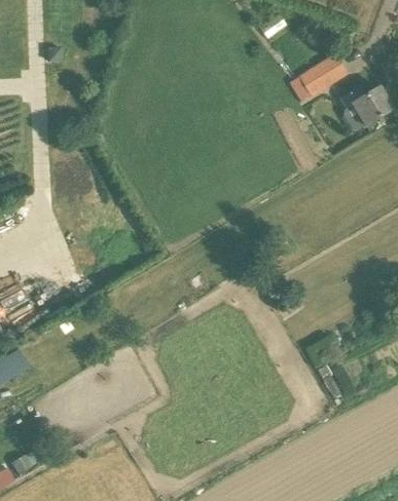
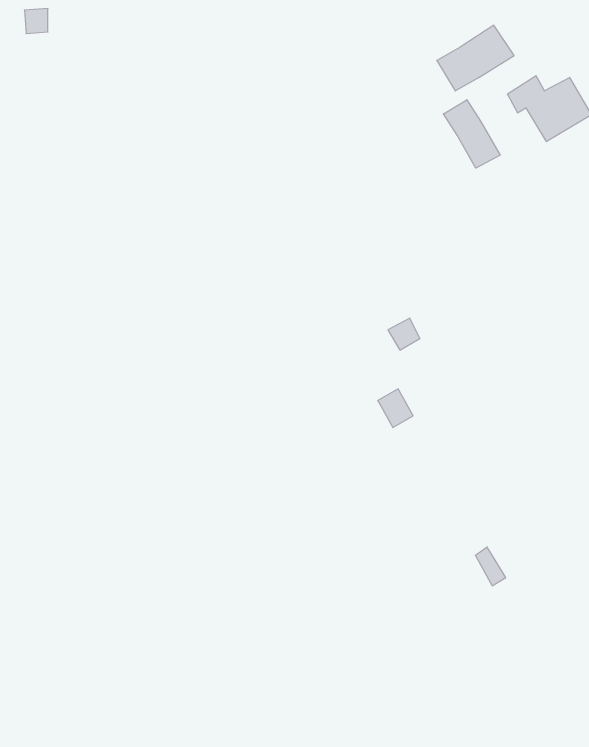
building: none -> [443,100,500,168]

